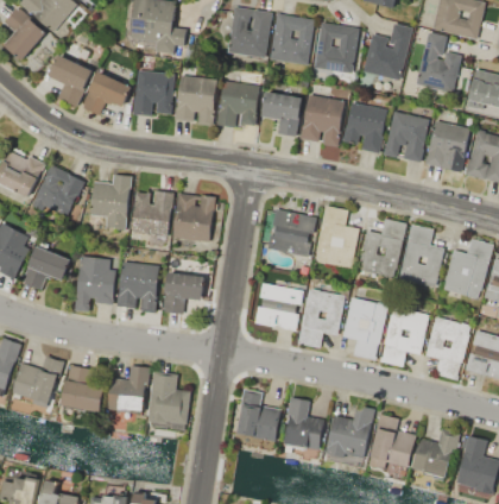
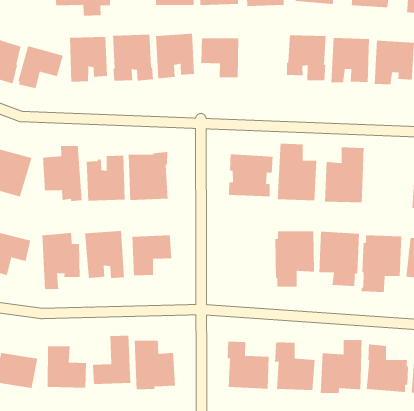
building: [298,95,346,146] -> none
building: [399,225,443,286] -> none
building: [254,283,302,330] -> none

